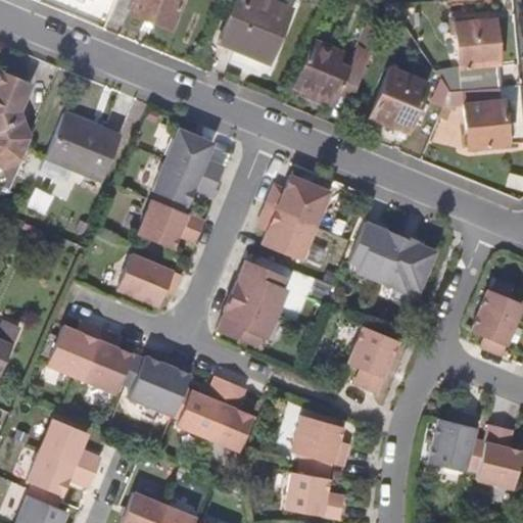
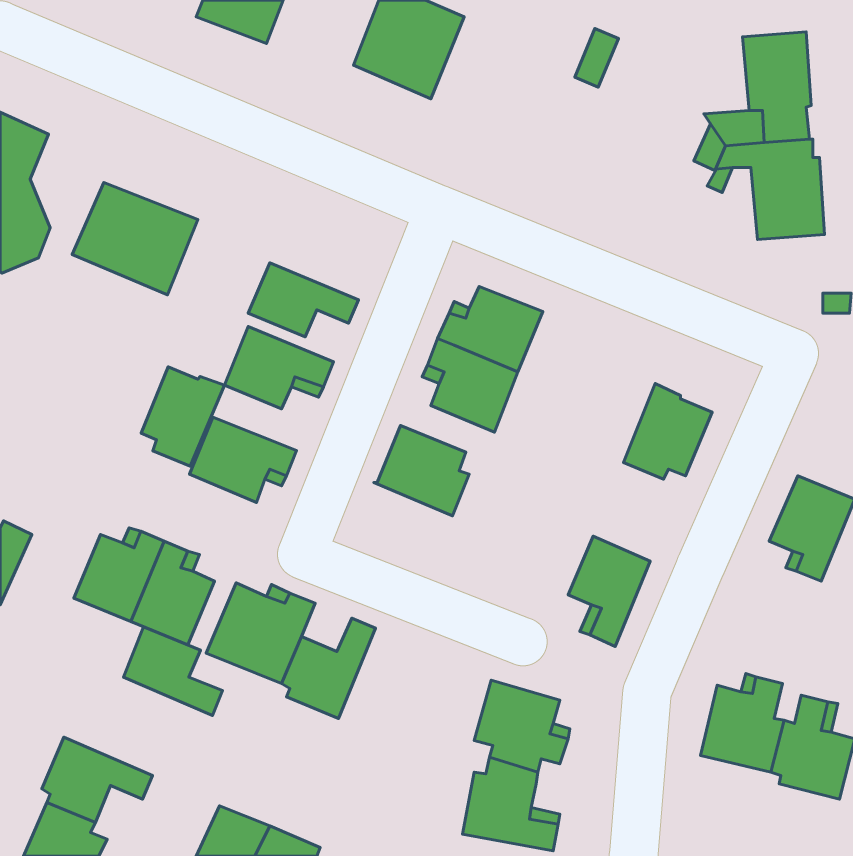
building: [288,40,362,105] -> none
building: [367,61,423,118] -> none
building: [167,129,224,183] -> none
building: [349,222,401,282] -> none
building: none -> [141,367,225,466]
building: [218,294,278,347] -> none
building: [208,383,254,451] -> none
building: [41,419,101,473] -> [124,627,222,716]

